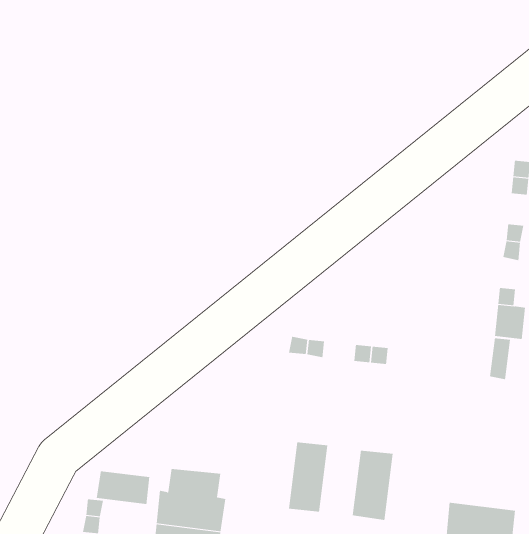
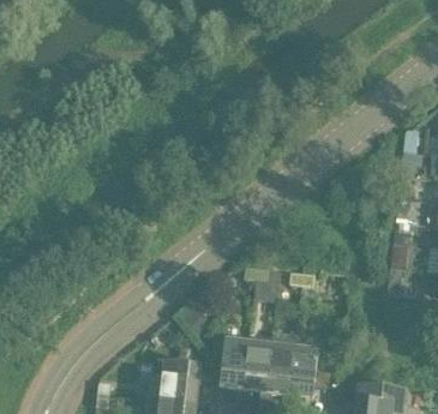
building: none -> [266,329,296,391]
building: none -> [212,335,250,386]
building: [96,470,150,505] -> none

